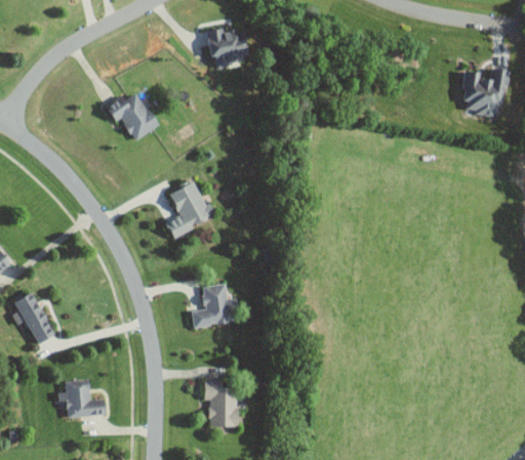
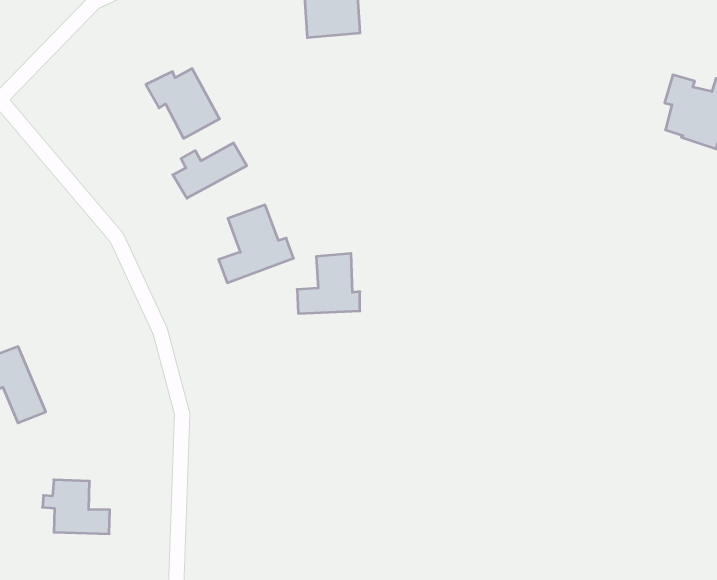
building: none -> [173,143,247,198]
building: [190,282,234,326] -> [297,253,360,313]
building: [203,379,237,425] -> none

